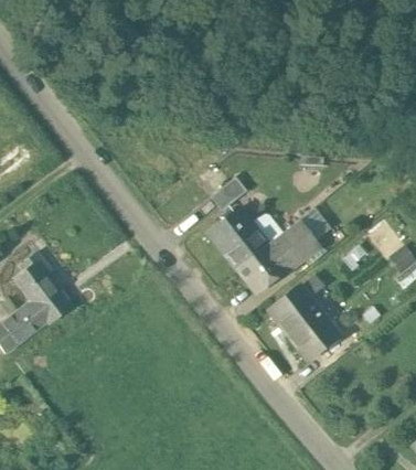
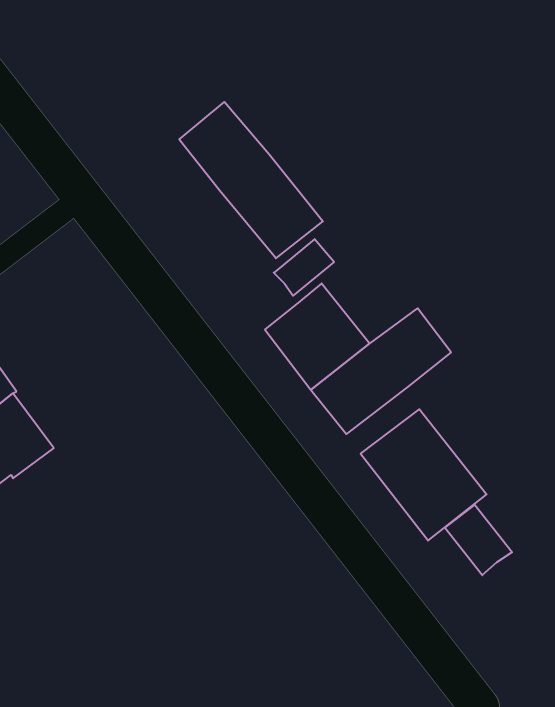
building: none -> [179,102,323,258]
building: none -> [445,505,512,575]

